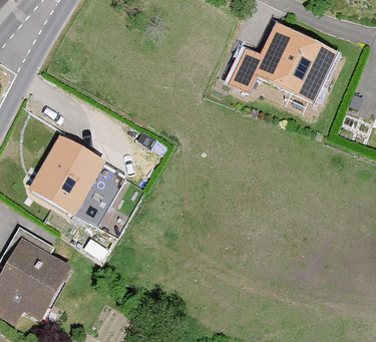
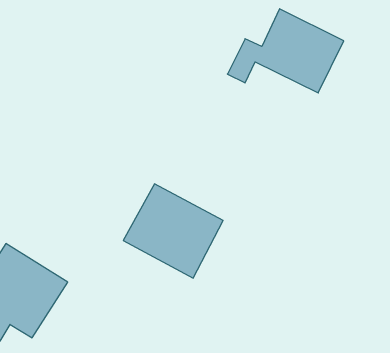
building: [35,137,125,223] -> [123,184,223,278]

